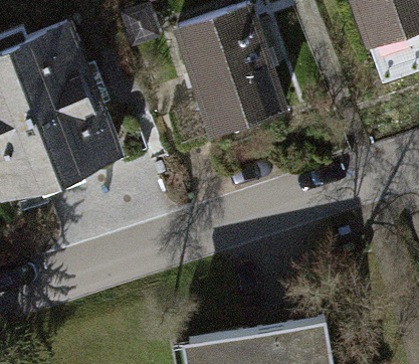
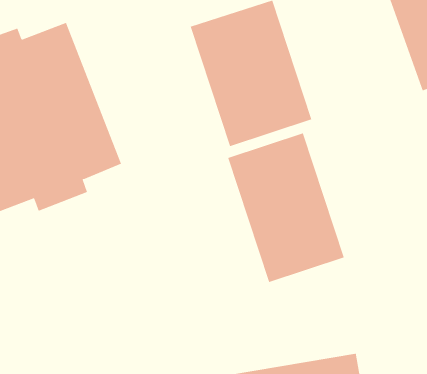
building: none -> [228,133,345,283]

